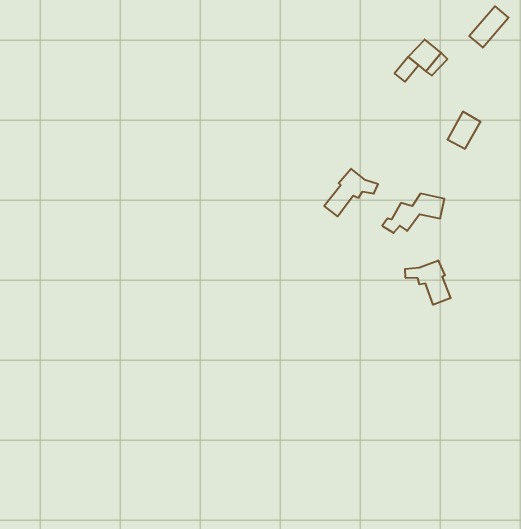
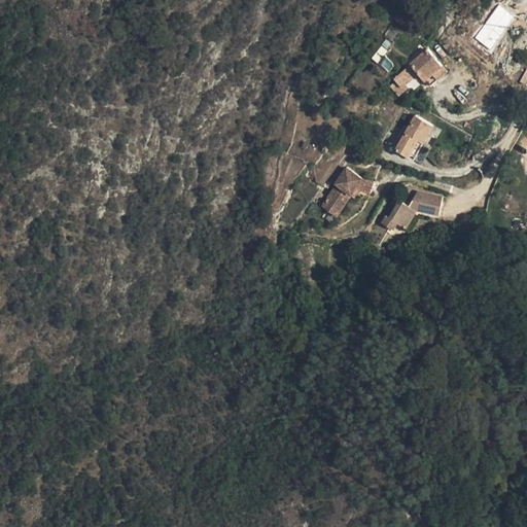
building: [447,112,481,149] -> [396,121,429,159]
building: [405,260,451,305] -> none

